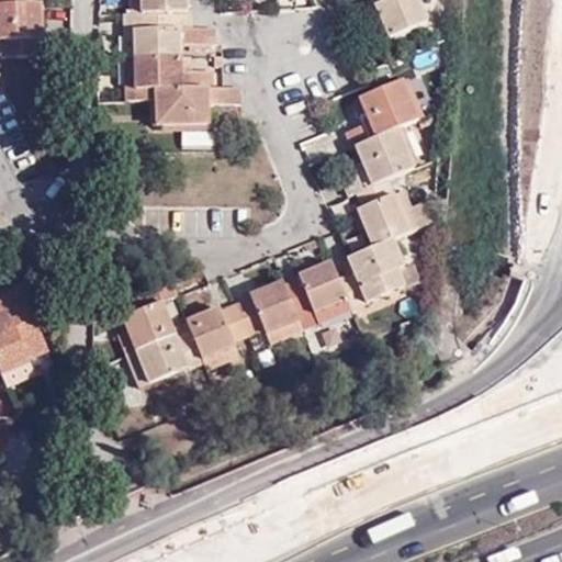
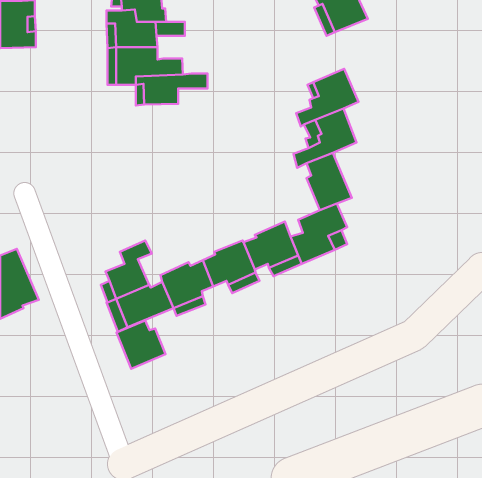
building: none -> [117,320,166,369]

